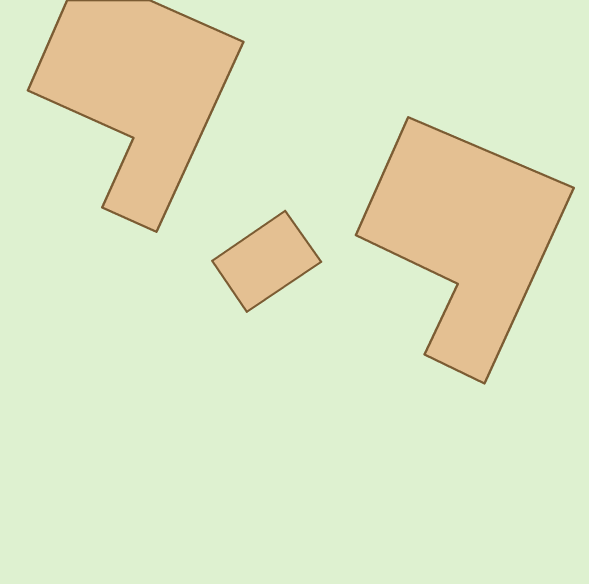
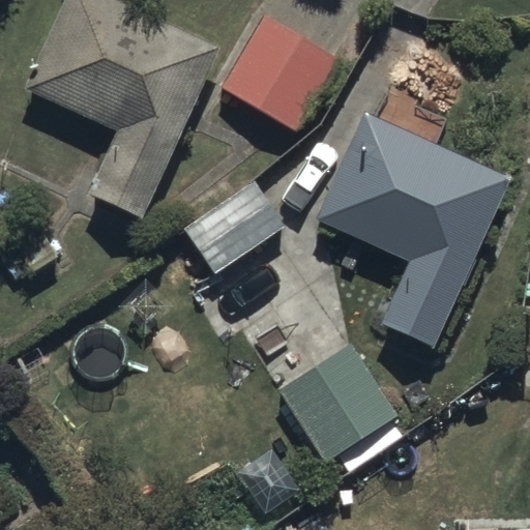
building: none -> [223,12,335,125]
building: none -> [278,343,400,464]

